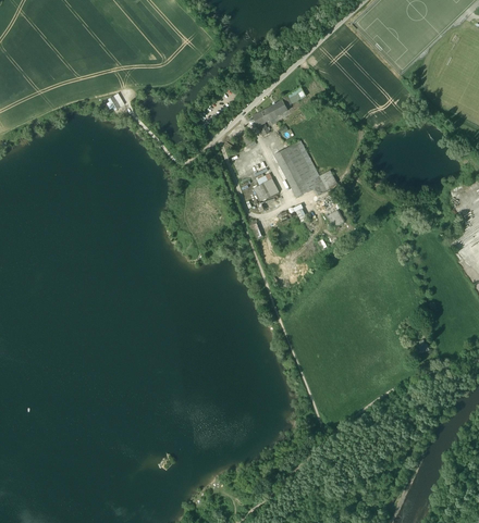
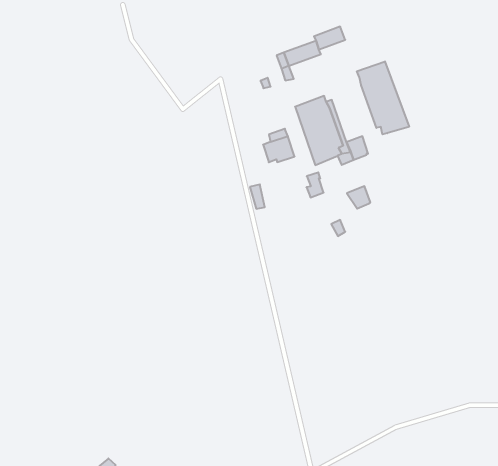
building: none -> [357,61,409,134]

